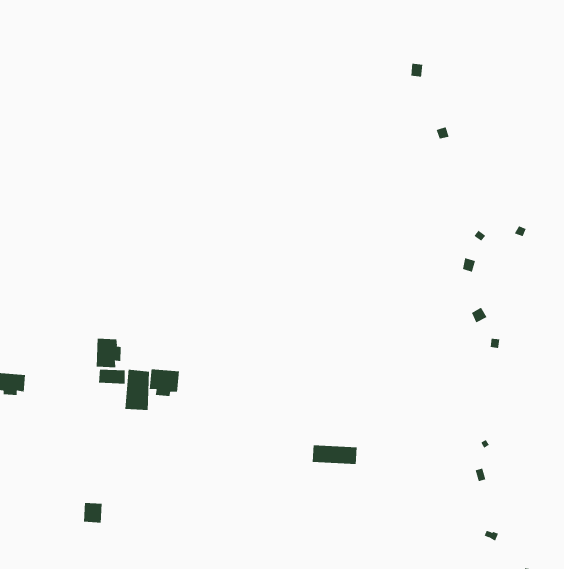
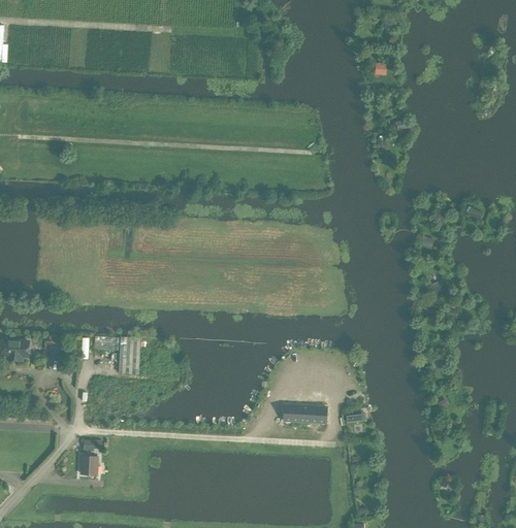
building: [96,338,121,368] -> none
building: [149,368,179,397] -> none

